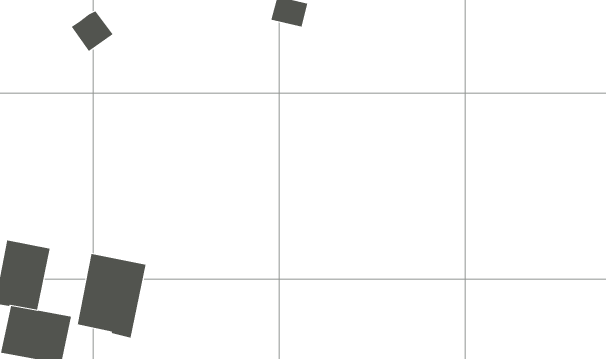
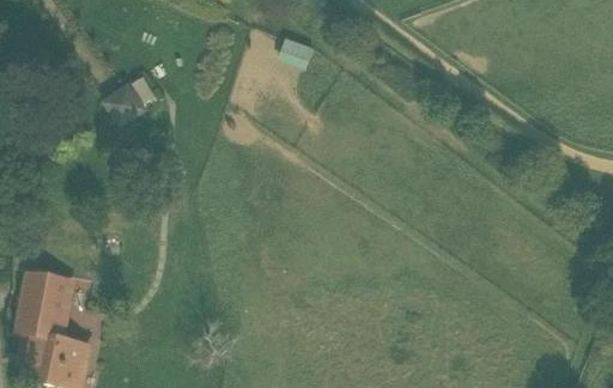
building: [71,10,114,52] -> [107,89,147,128]
building: [77,253,146,339] -> none

